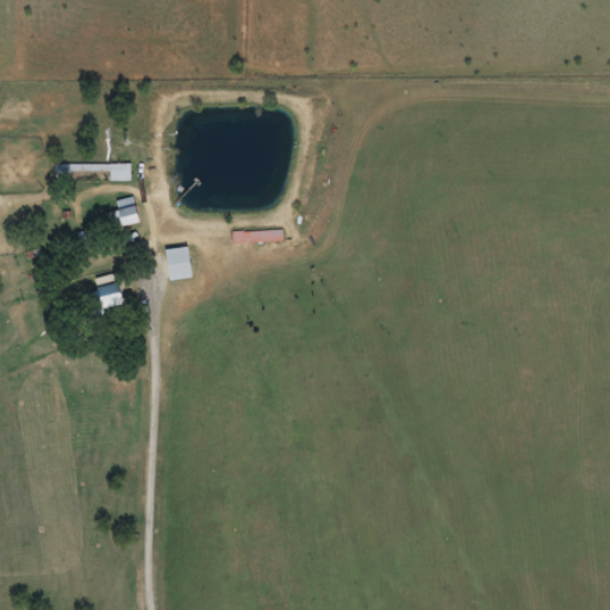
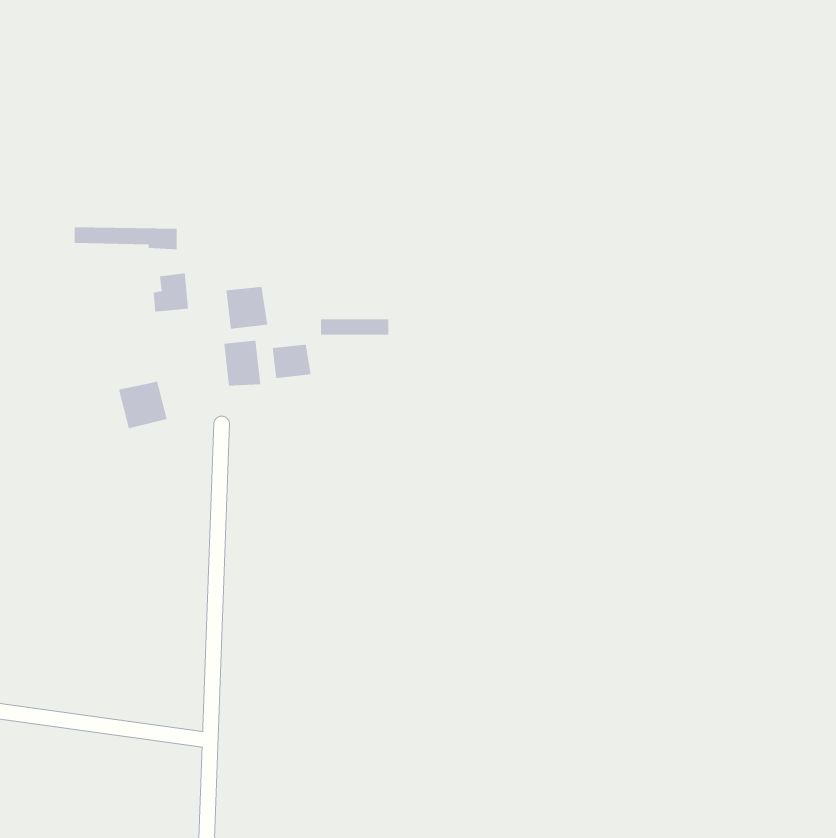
building: none -> [226,286,268,329]
building: none -> [272,344,311,379]

